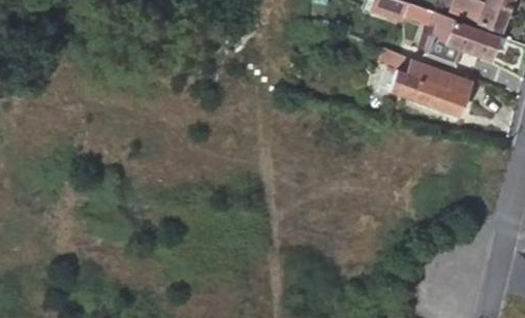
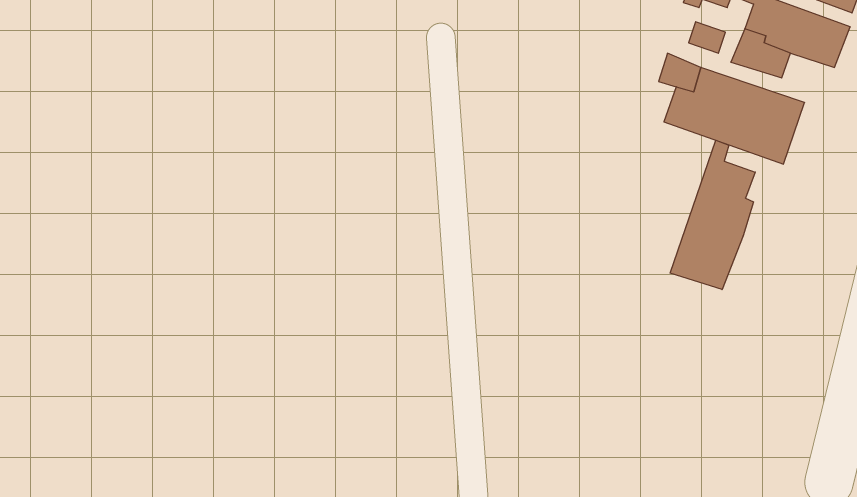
building: none -> [670,140,755,290]

